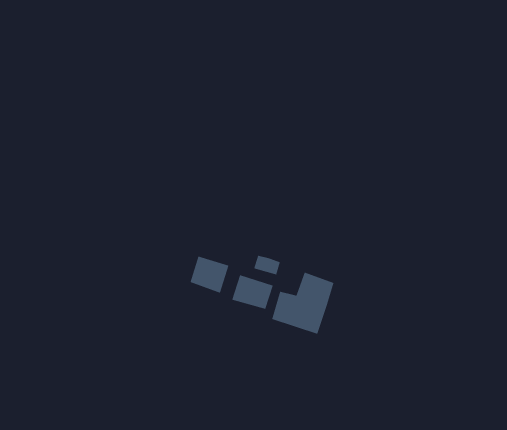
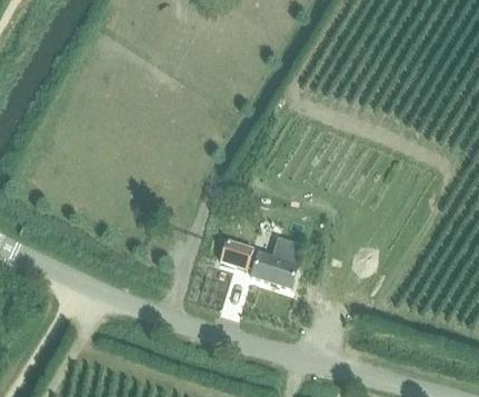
building: [190,255,230,294] -> none

